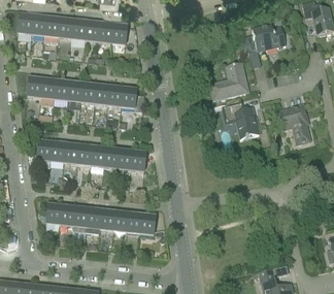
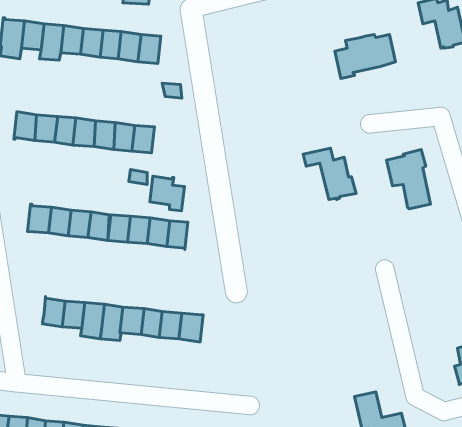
building: [210,62,245,98] -> none
building: [120,88,143,111] -> [150,176,185,211]

